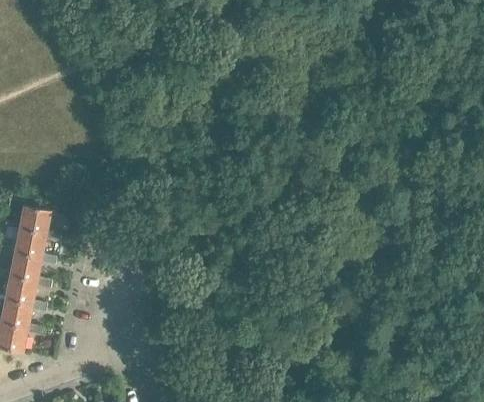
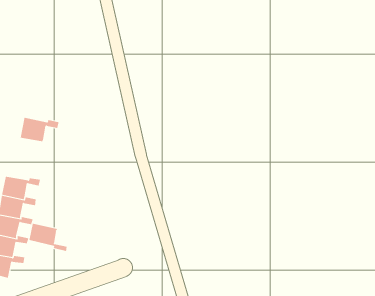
building: [18,205,66,235] -> [20,117,59,142]
building: none -> [29,223,67,252]

